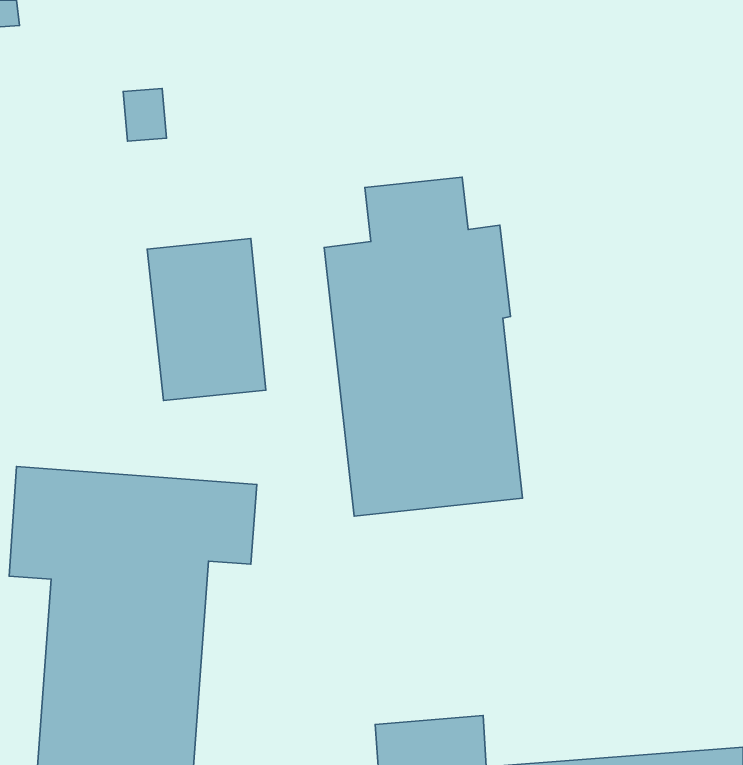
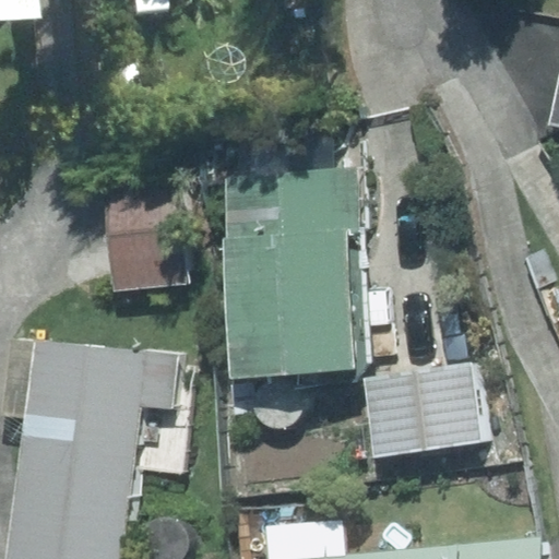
building: none -> [352,369,493,459]

